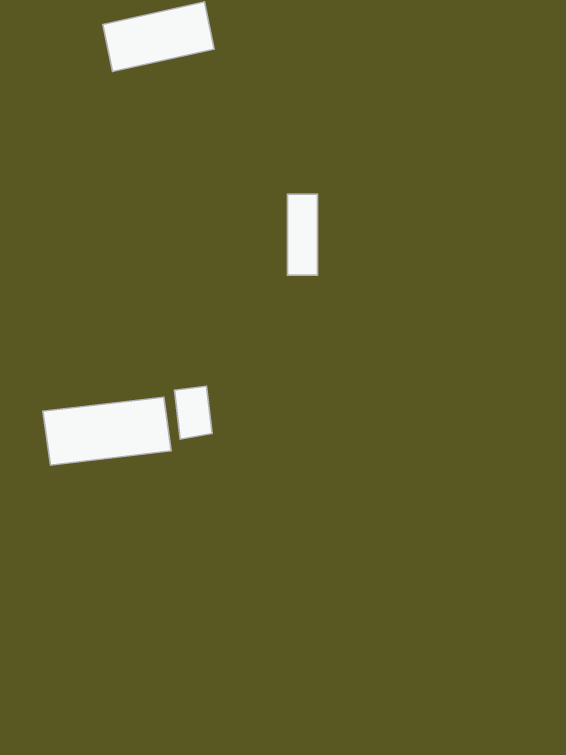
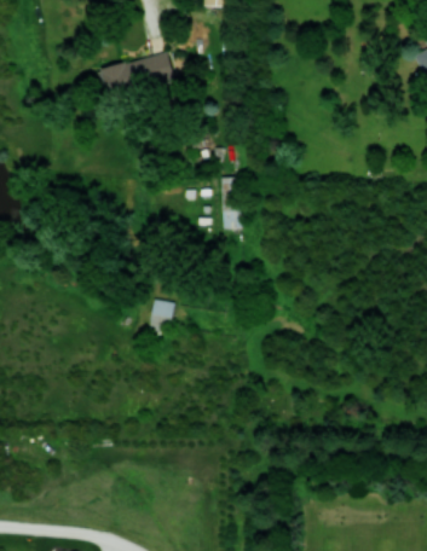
building: [43,397,171,465] -> none

